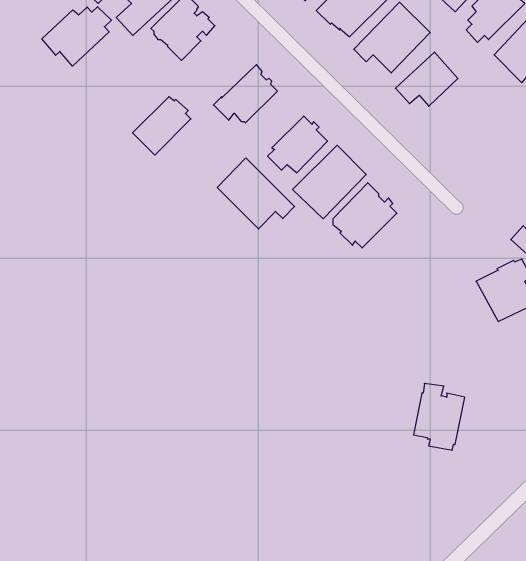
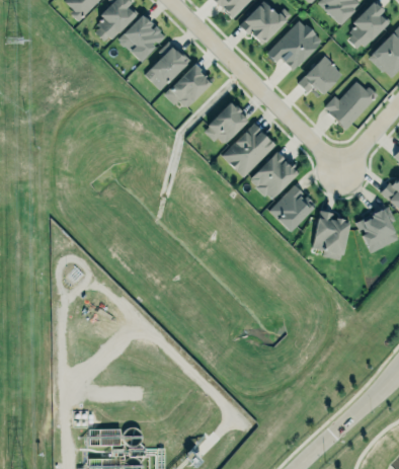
building: [42,7,111,66] -> none
building: none -> [325,79,380,129]
building: [133,97,191,155] -> [146,48,188,90]
building: [217,158,295,229] -> none
building: none -> [269,185,316,232]
building: [413,383,465,450] -> [313,211,350,259]

